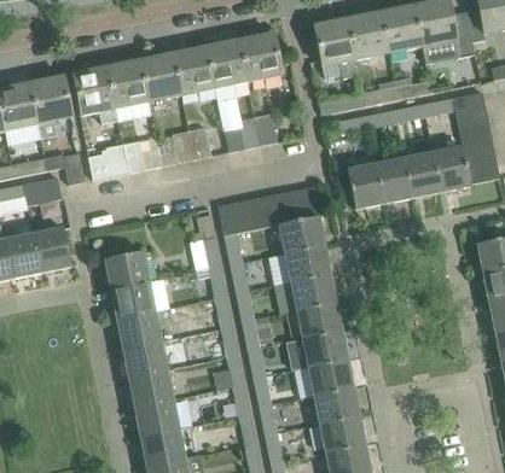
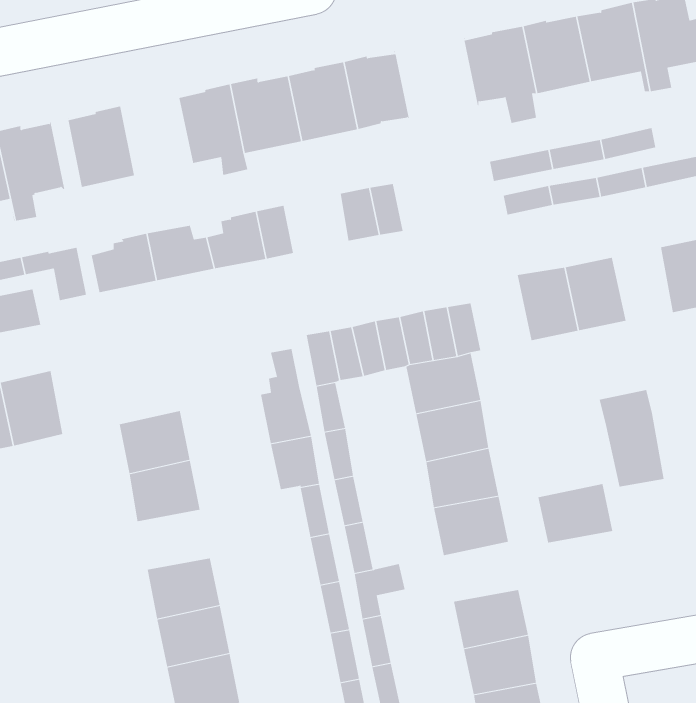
building: [106,62,150,119] -> none
building: [401,138,441,197] -> [599,390,665,487]
building: [116,311,168,348] -> none
building: [302,331,348,367] -> [538,483,613,543]

